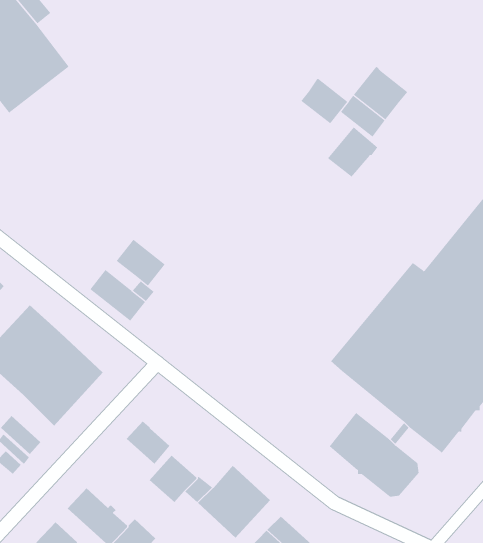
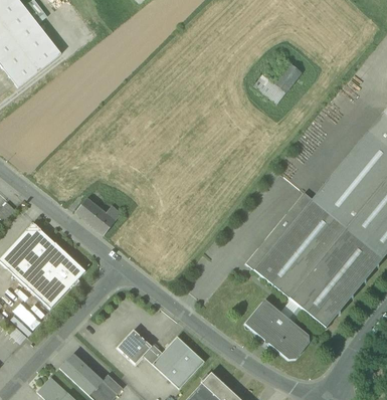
building: [301,78,348,124] -> none
building: [327,127,378,178] -> none
building: [116,239,166,286] -> none
building: [126,420,170,464] -> none

